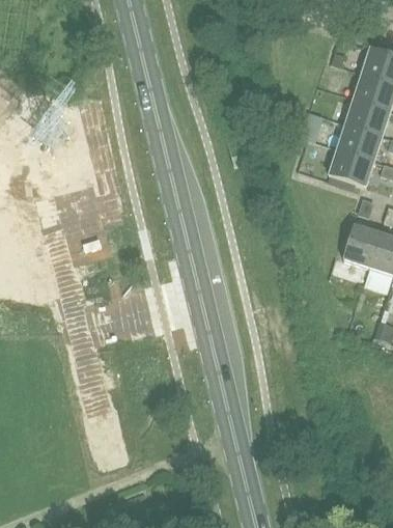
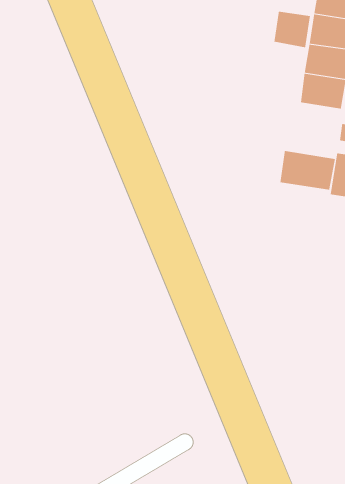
building: none -> [274,11,311,48]
building: none -> [280,150,335,190]

